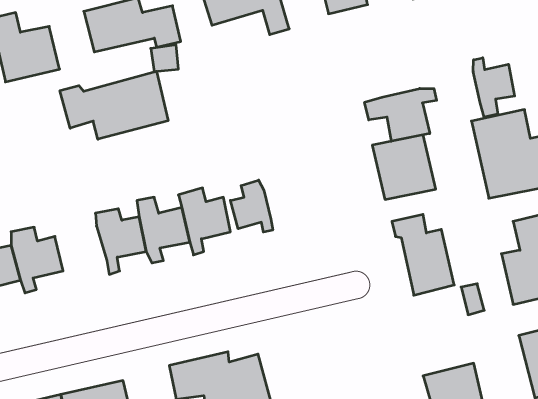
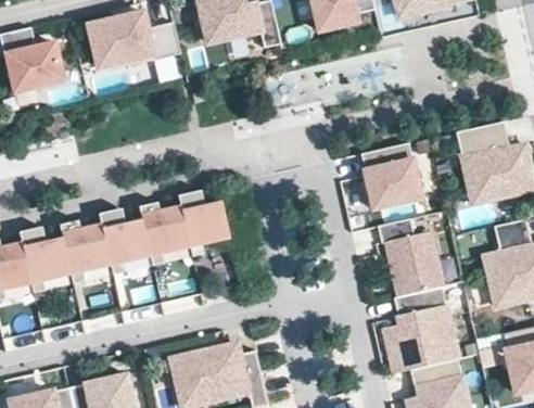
building: [473,58,515,117] -> none
building: [60,71,168,139] -> none
building: [365,88,437,141] -> none
building: [230,180,273,232] -> none
building: none -> [59,221,111,284]
building: none -> [387,285,456,375]

